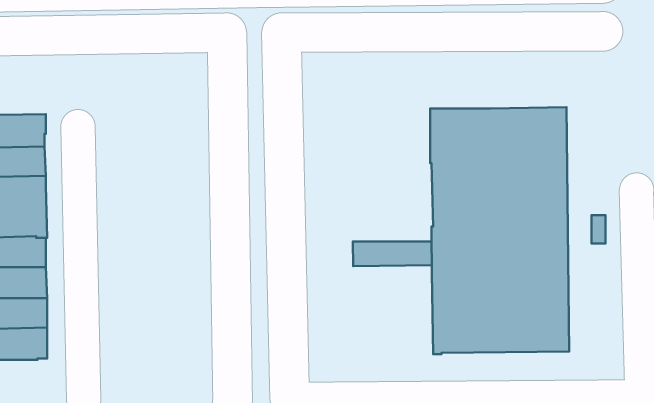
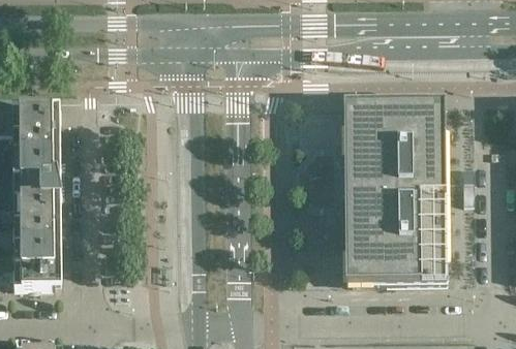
building: [353,241,432,266] -> none

